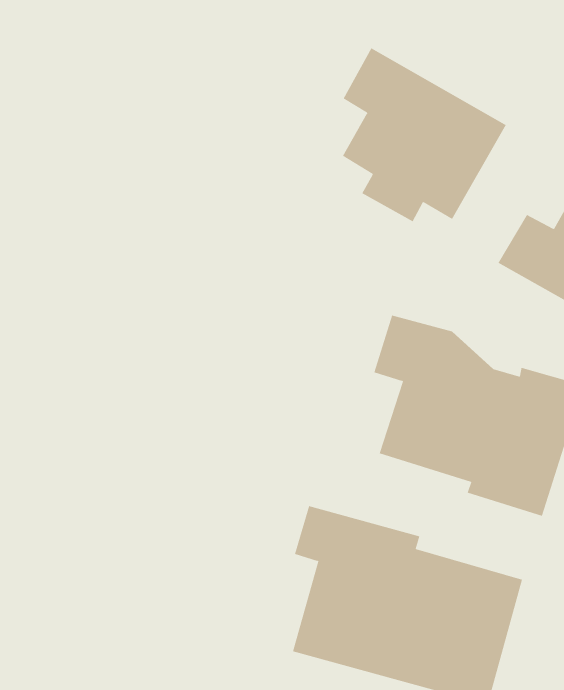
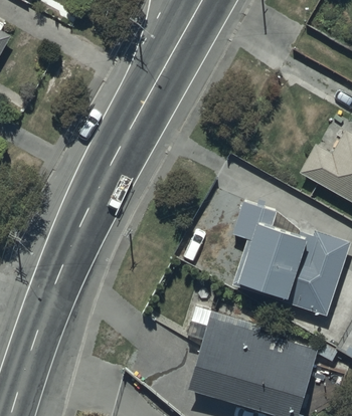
building: [342,47,506,222] -> none

